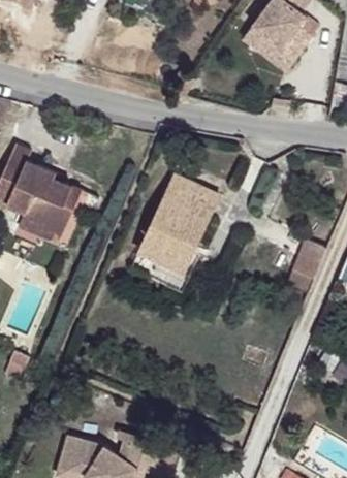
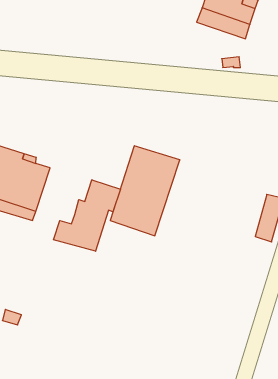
building: none -> [54,180,120,251]

